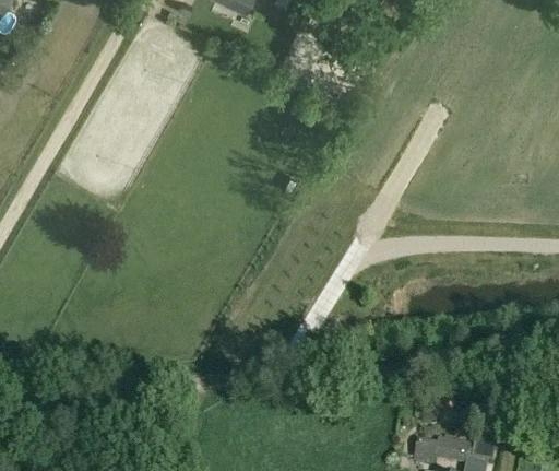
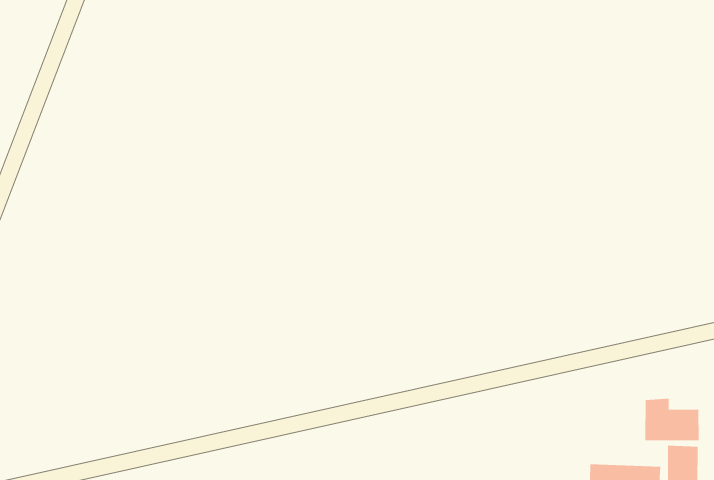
building: none -> [645,398,699,441]

